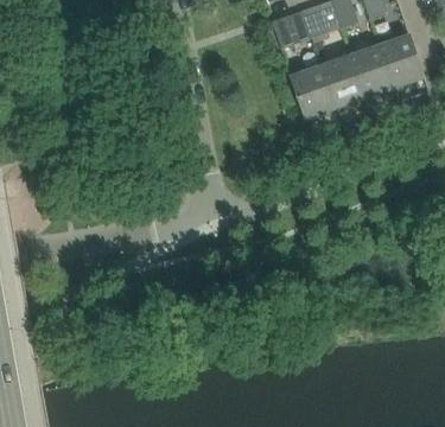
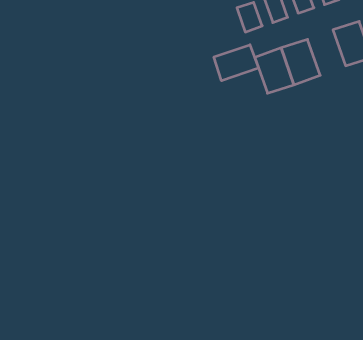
building: [351,45,394,96] -> none
building: none -> [214,45,259,81]

